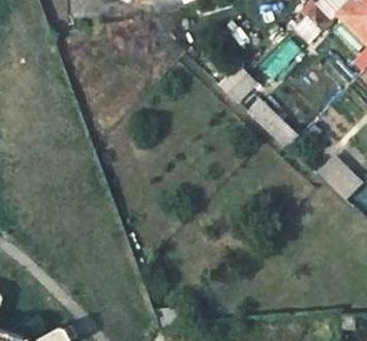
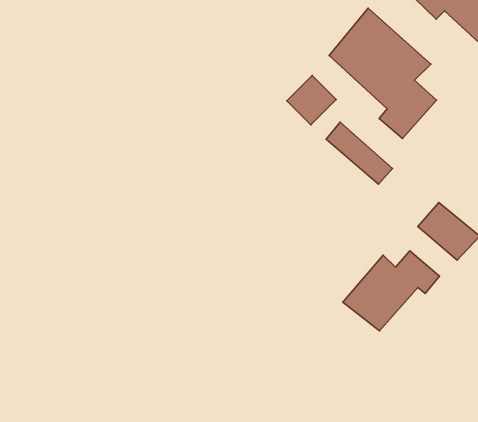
building: none -> [329,8,436,138]
building: none -> [343,251,439,331]

